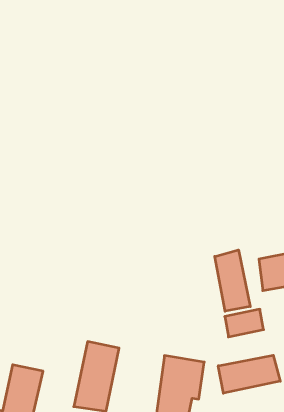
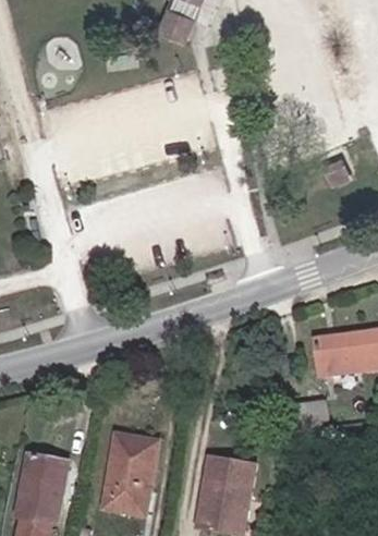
building: [215,250,250,311] -> none
building: [218,355,280,393] -> none

